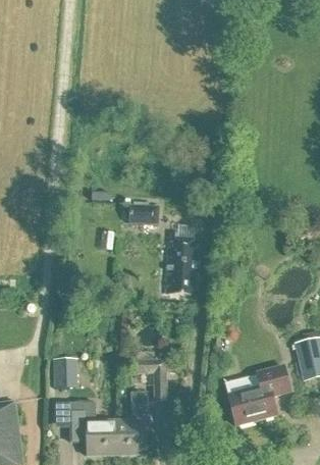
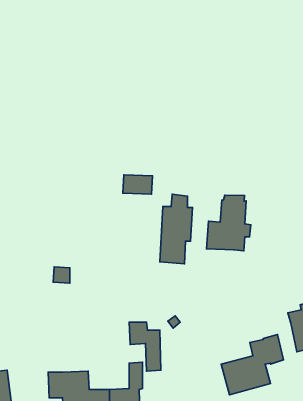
building: none -> [207,195,251,251]
building: [53,358,77,389] -> none

